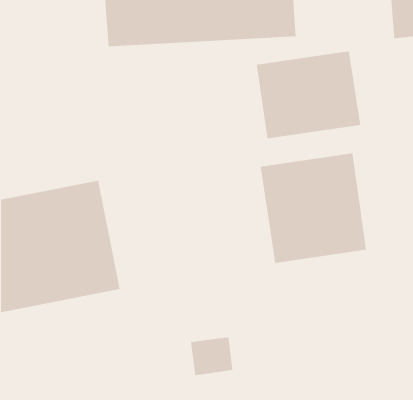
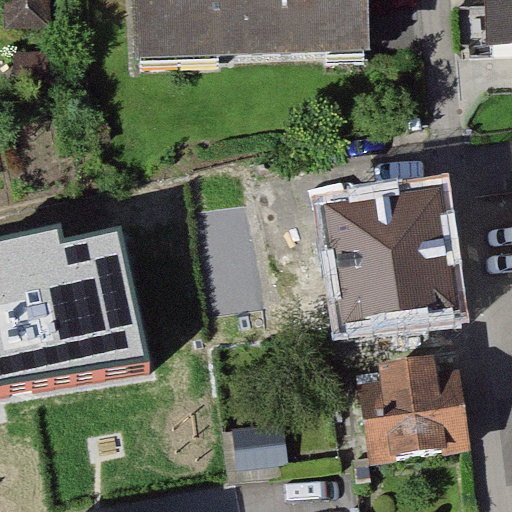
building: [256,50,361,139] -> none
building: none -> [354,354,469,466]

